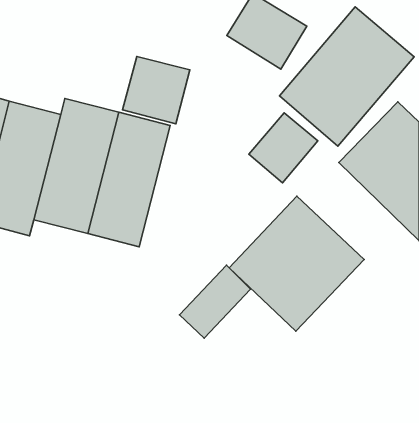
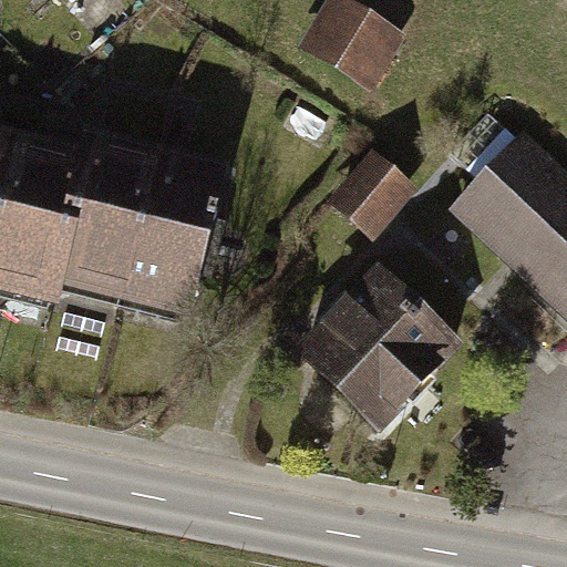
building: [280,7,414,146] -> none
building: [123,56,190,124] -> none
building: [179,265,251,338] -> none

